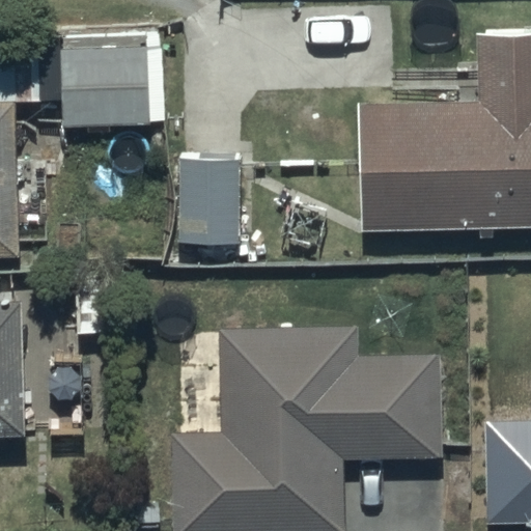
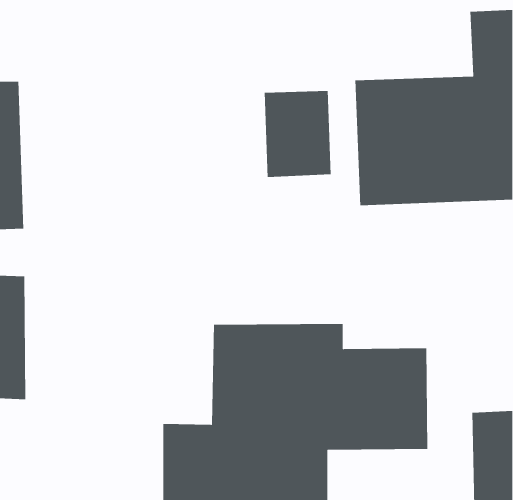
building: [60,31,167,124] -> none
building: [178,156,248,246] -> [264,90,332,178]

